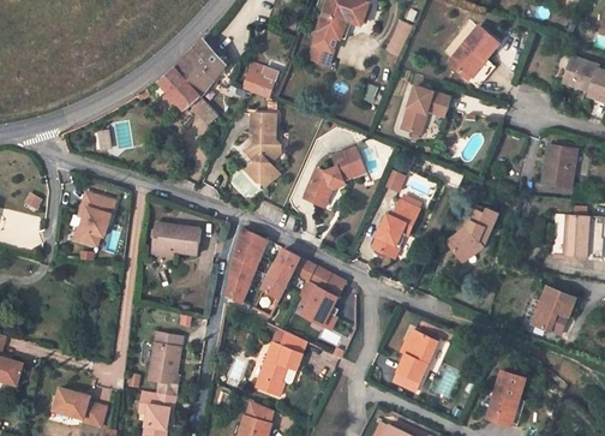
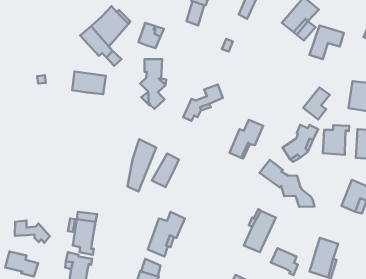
building: [400,86,449,135] -> [309,25,344,59]
building: none -> [303,87,330,119]
building: [73,191,113,244] -> none
building: none -> [323,125,349,155]
building: [151,221,199,253] -> [72,72,106,94]
building: [292,257,345,328] -> none
building: none -> [260,160,315,207]
building: none -> [15,220,50,243]
building: none -> [271,248,298,275]

